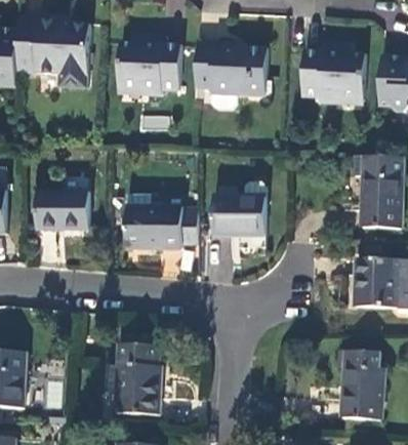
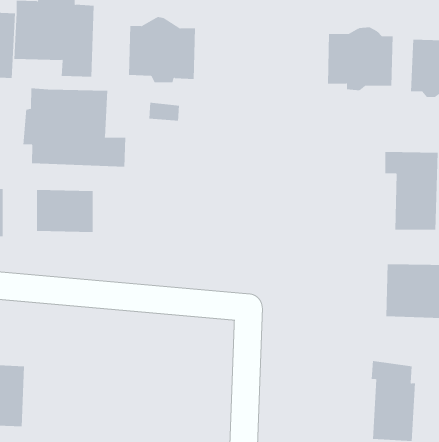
building: [194,44,261,99] -> none
building: none -> [23,88,126,167]
building: [212,181,267,235] -> none
building: [126,193,197,248] -> none
building: [115,342,161,414] -> none

